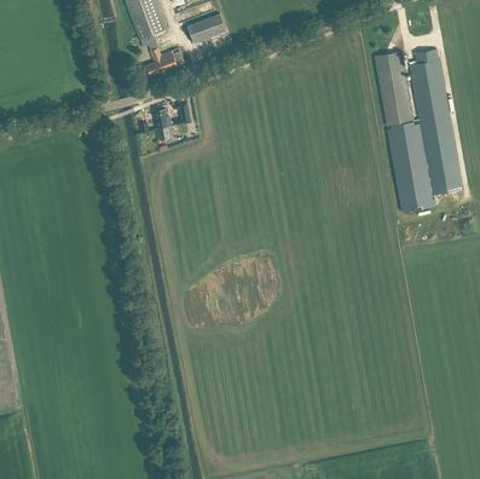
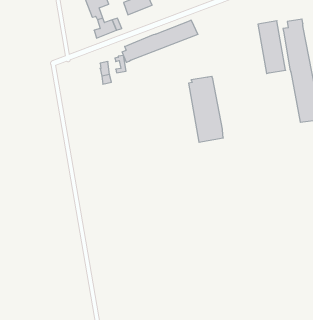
building: none -> [122,20,198,62]
building: [387,119,435,210] -> [189,76,223,142]

